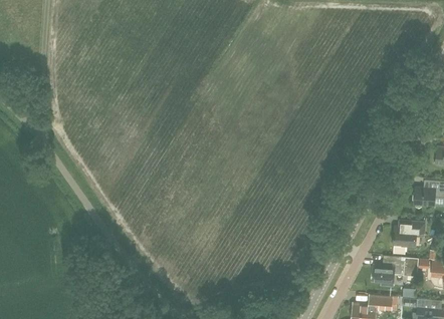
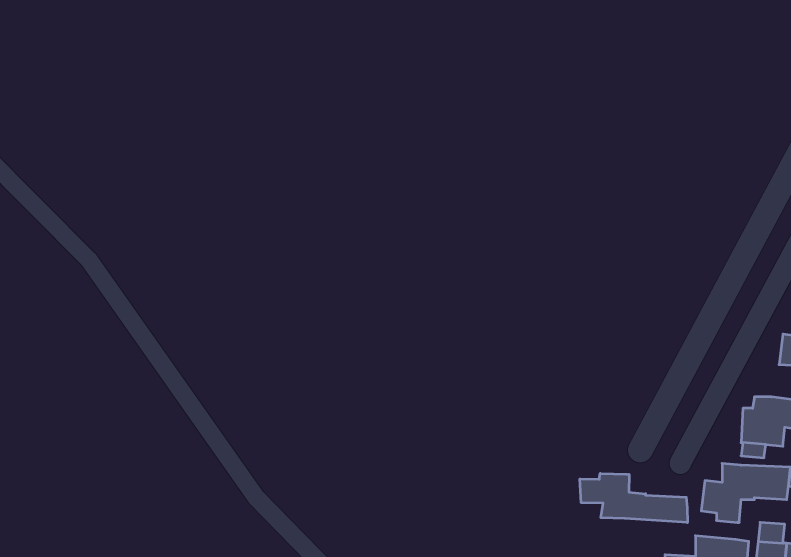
building: none -> [580,473,687,523]

